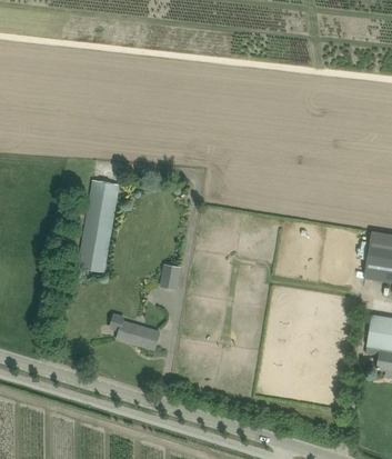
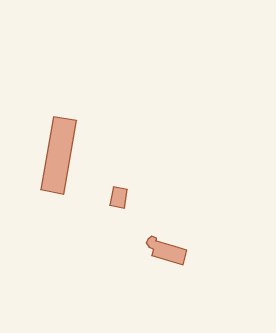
building: [110,316,159,350] -> [146,236,187,265]

